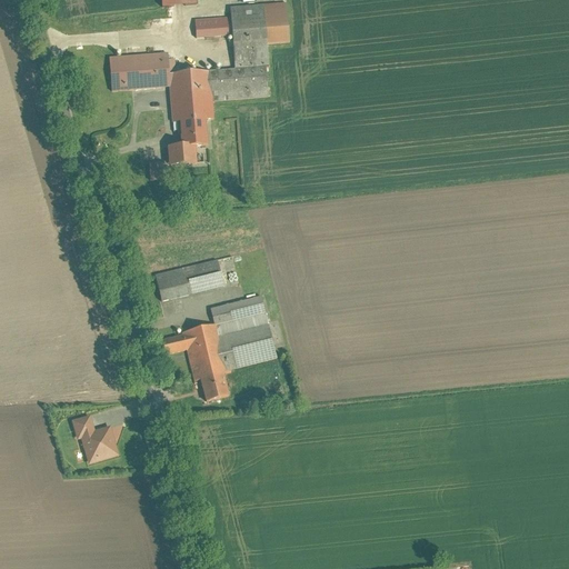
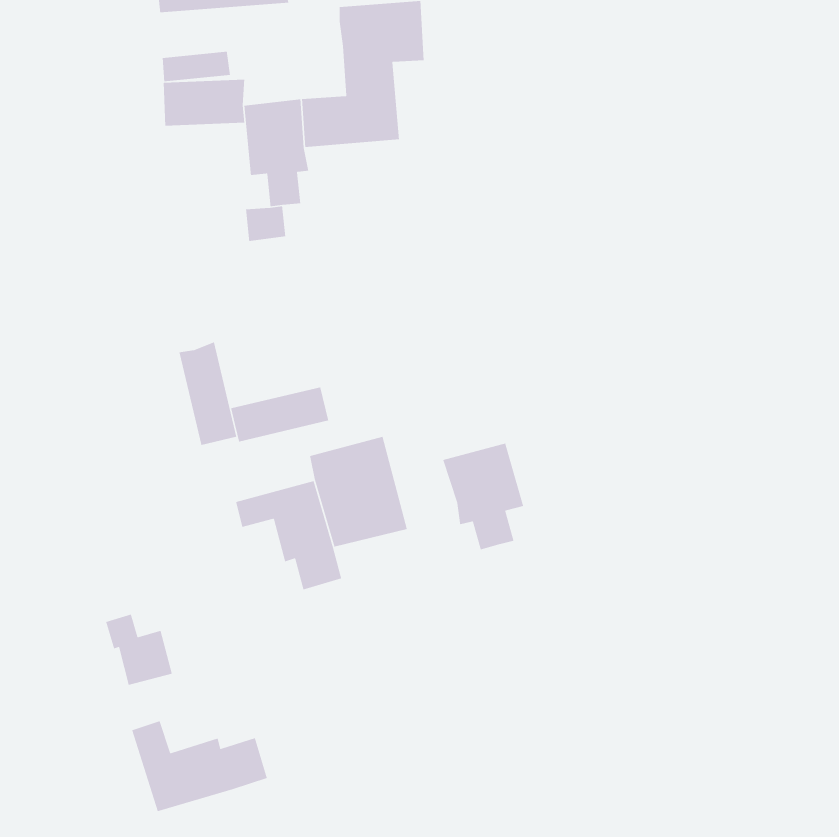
building: [186,14,232,36] -> [162,51,231,82]
building: none -> [179,341,237,446]
building: none -> [442,443,524,550]
building: none -> [131,720,268,812]

